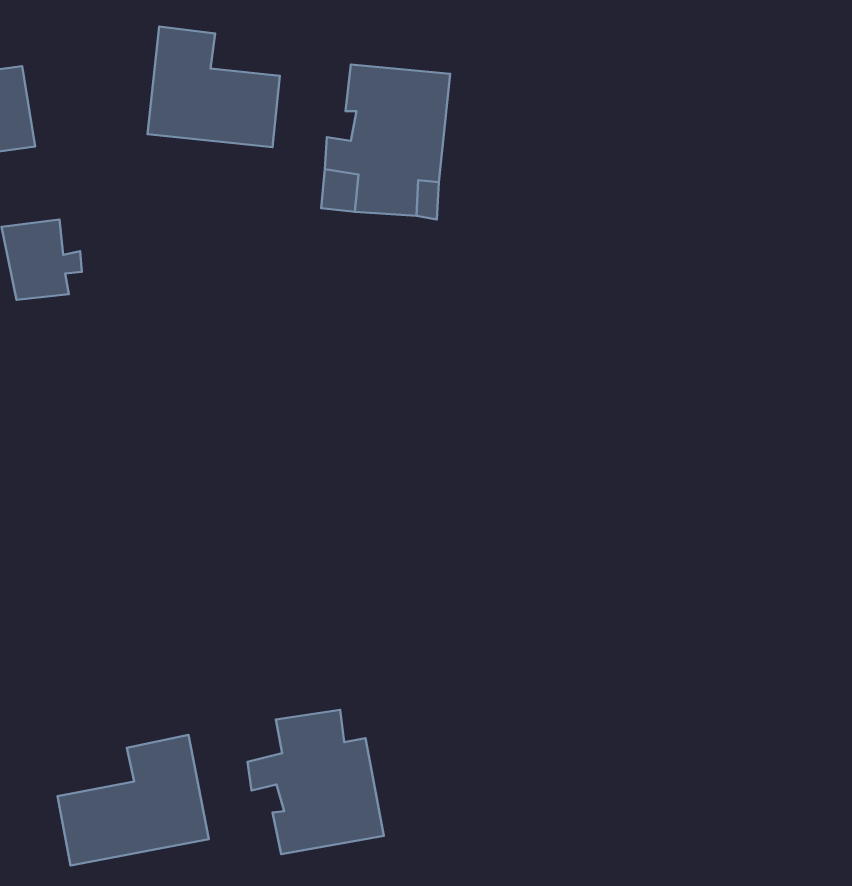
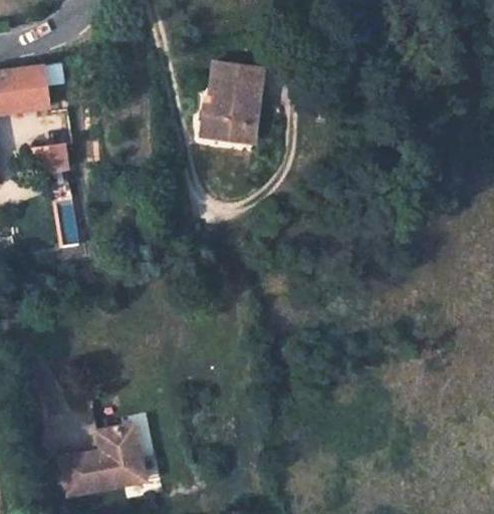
building: [147,26,280,147] -> none
building: [248,710,384,854] -> none

